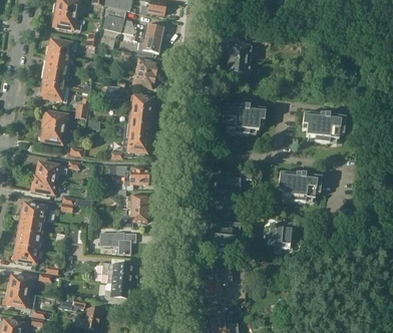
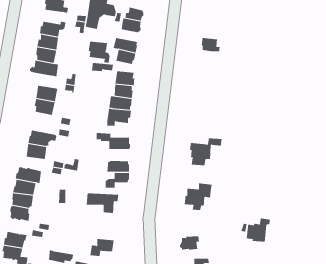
building: [227,43,258,60] -> none
building: none -> [88,41,110,64]
building: [222,102,265,133] -> none
building: [302,110,345,141] -> none
building: [278,170,321,202] -> none
building: [268,220,296,247] -> [246,218,271,242]
building: [101,261,133,284] -> none

